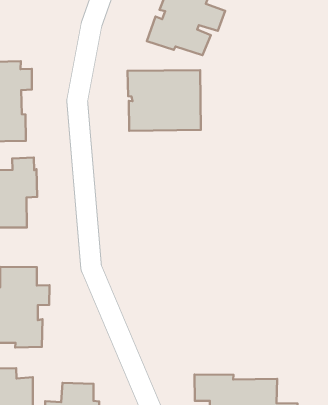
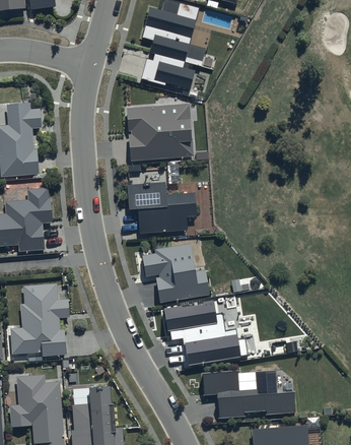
building: none -> [126,179,195,231]
building: none -> [141,241,208,302]
building: none -> [162,299,248,363]

